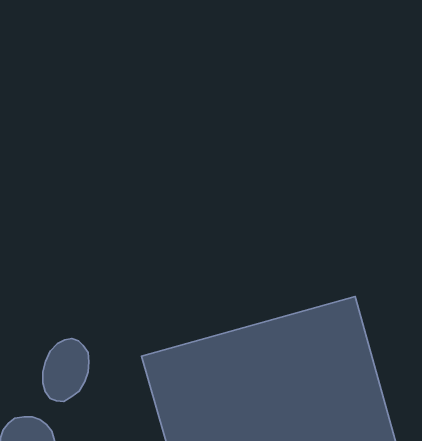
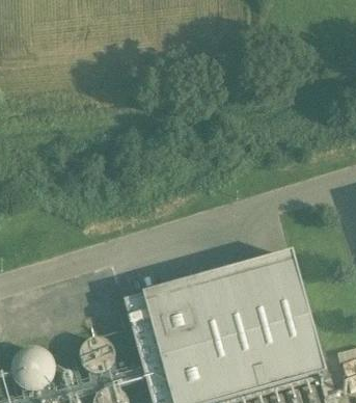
building: [43,339,89,402] -> none

